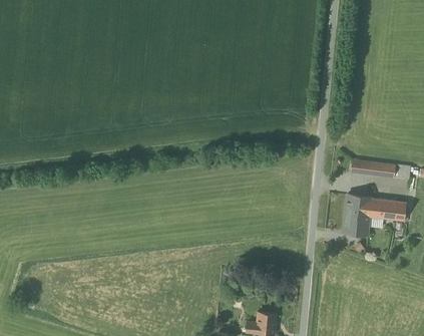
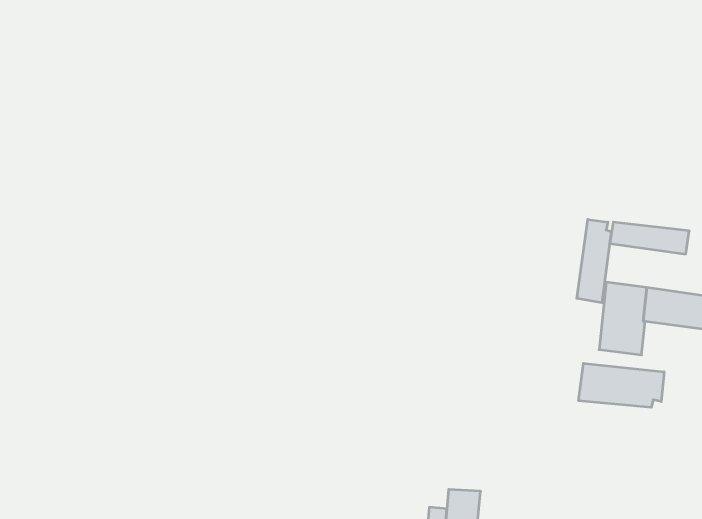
building: none -> [577,219,611,303]
building: none -> [579,363,664,407]

